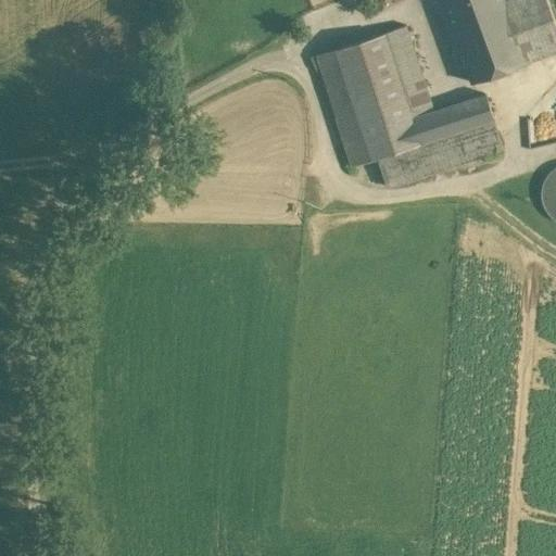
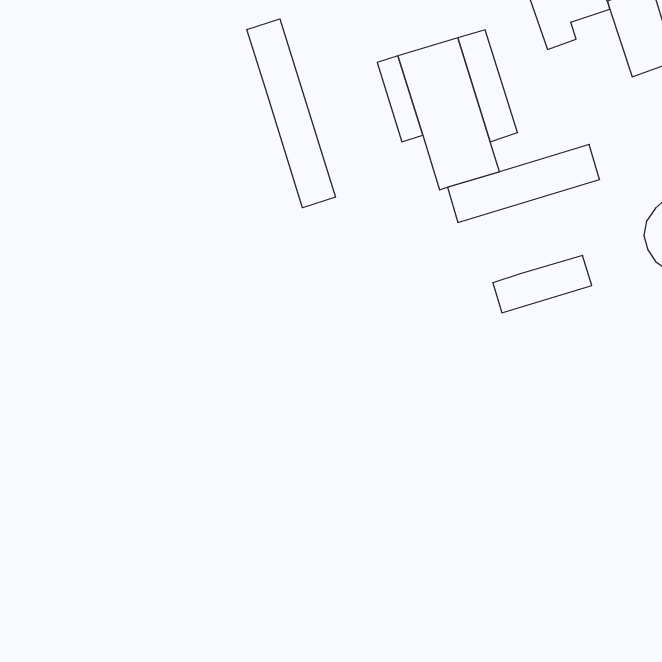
building: [459,8,530,83] -> none
building: none -> [247,19,335,208]
building: [412,96,494,143] -> [493,255,592,313]
building: [338,113,369,164] -> none

